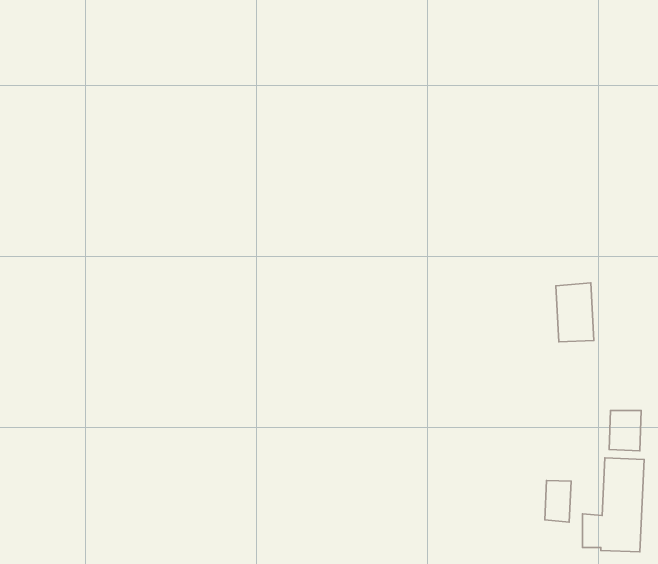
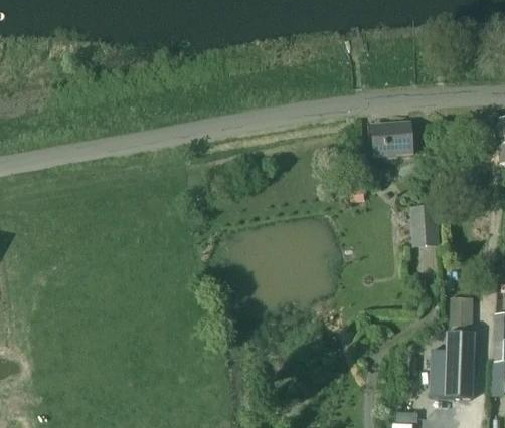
building: none -> [373,122,412,157]
building: [545,480,571,522] -> none

